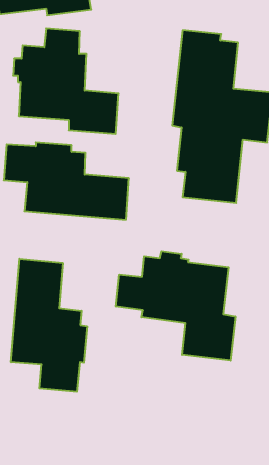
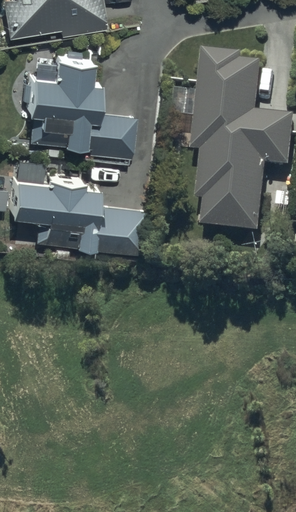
building: [116,251,235,361] -> none
building: [11,259,87,392] -> none

